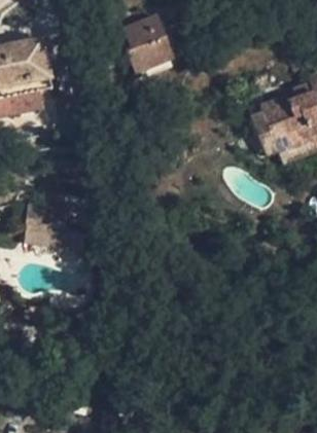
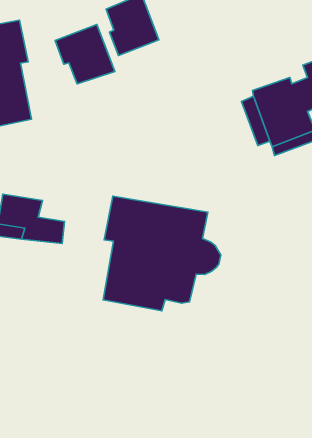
building: none -> [55,24,115,84]
building: none -> [103,196,221,311]

